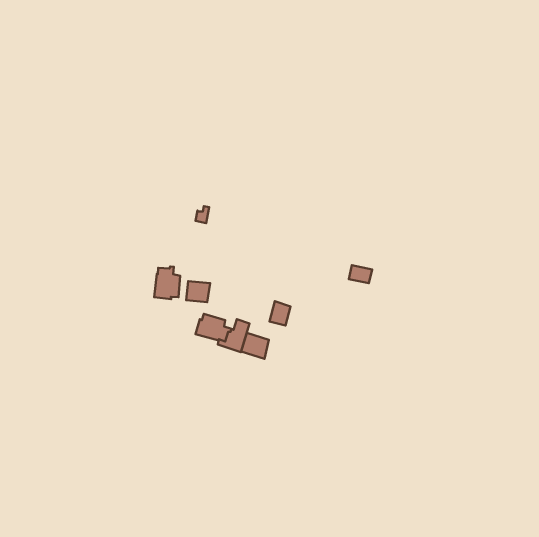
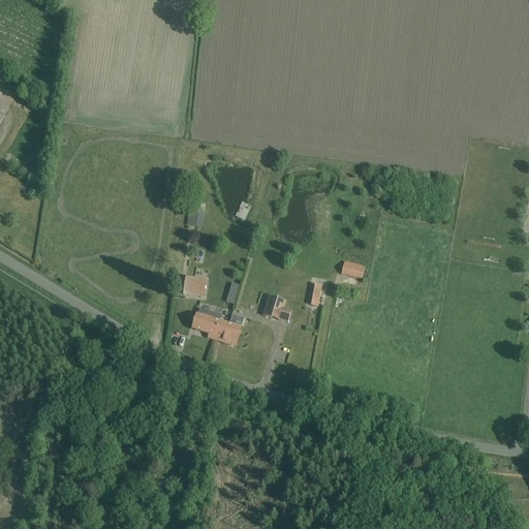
building: [154,267,180,299] -> none
building: [241,333,269,359] -> none

